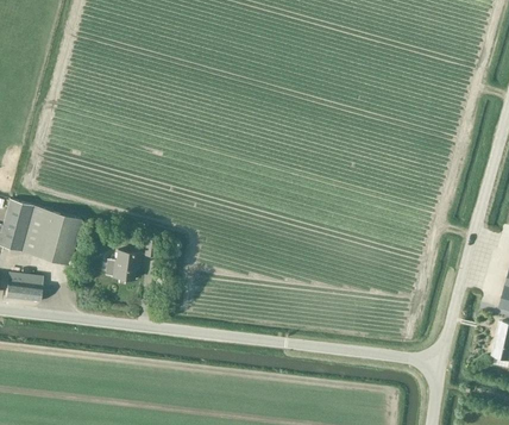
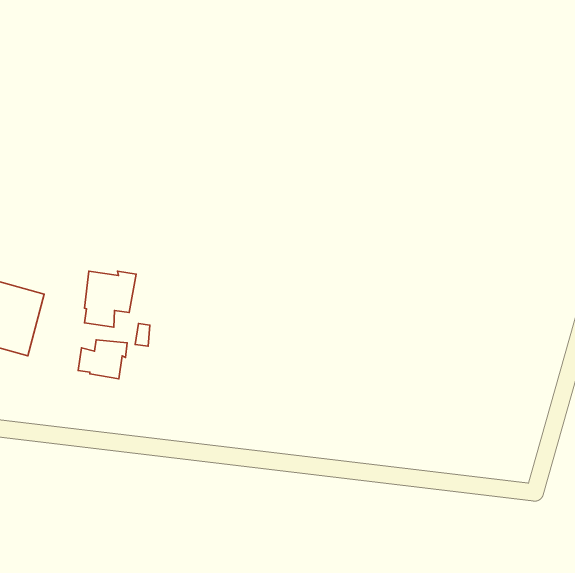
building: none -> [85,271,136,327]

